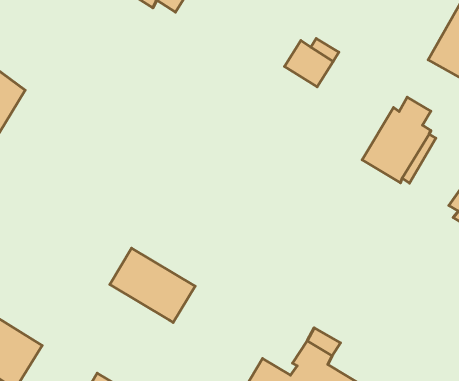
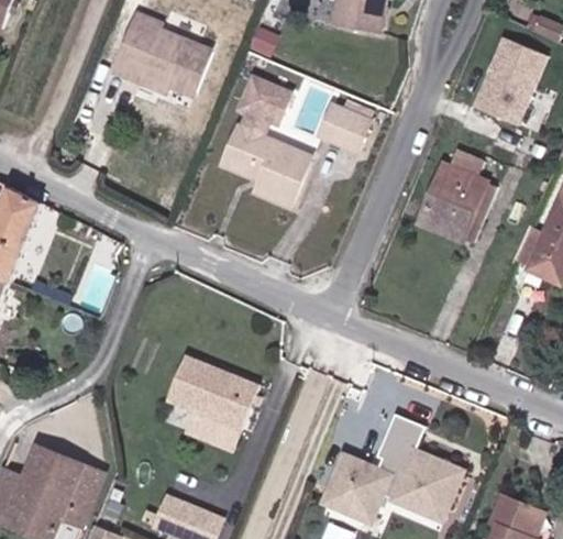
building: none -> [221,77,310,206]
building: none -> [183,410,235,449]

